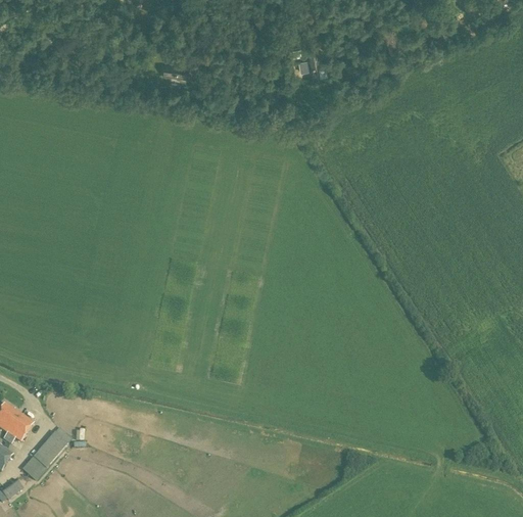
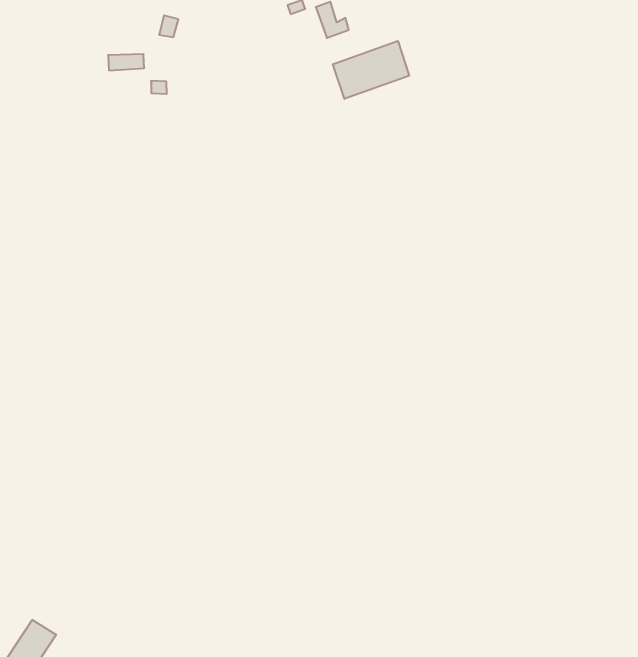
building: none -> [333,41,409,99]

